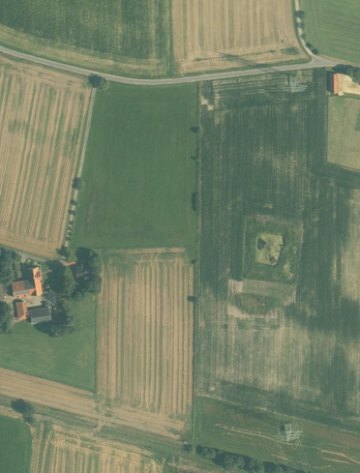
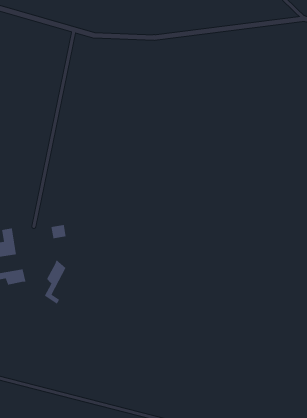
building: none -> [44,259,66,305]

